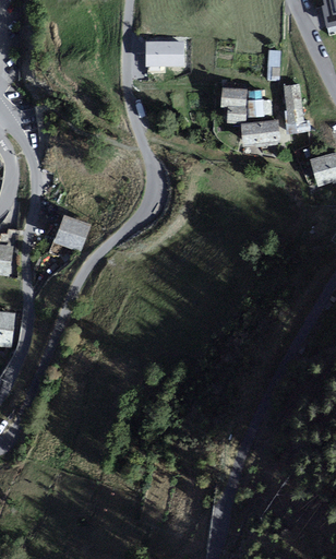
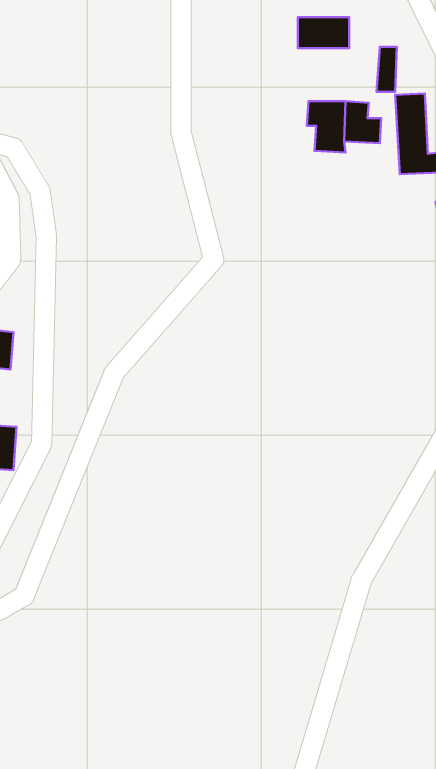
building: [145,44,181,66] -> [298,17,349,48]
building: [240,121,278,145] -> none
building: [56,217,88,250] -> none

